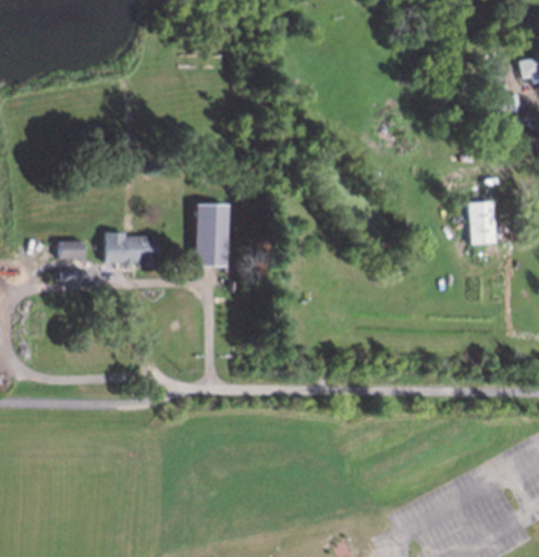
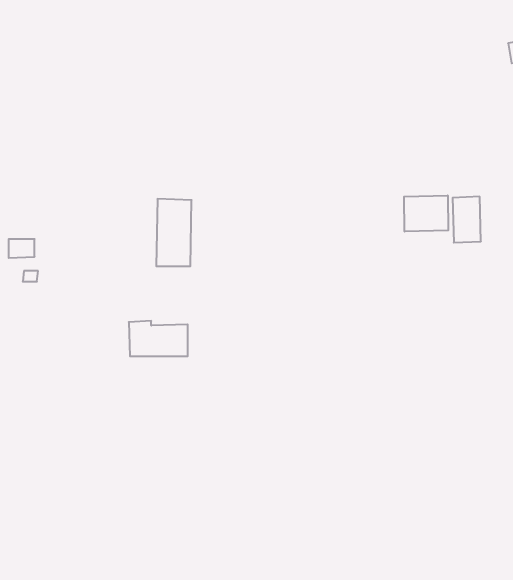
building: none -> [404,195,448,232]
building: [105,232,159,264] -> [129,321,188,356]

